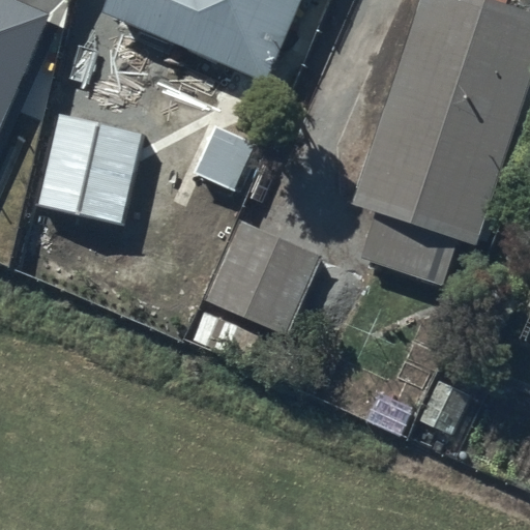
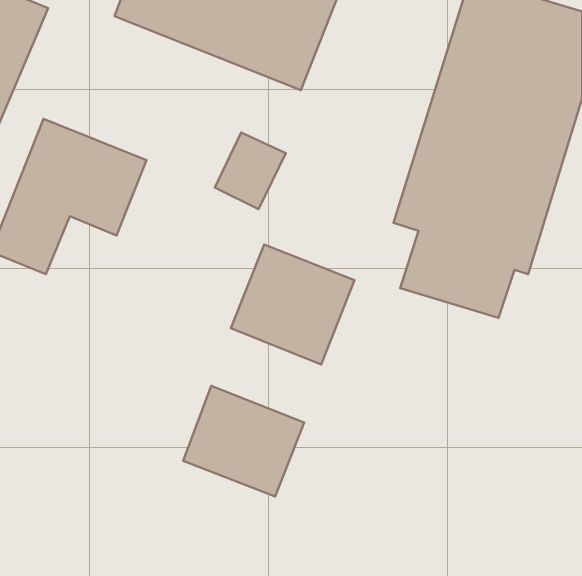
building: none -> [183,386,304,496]

